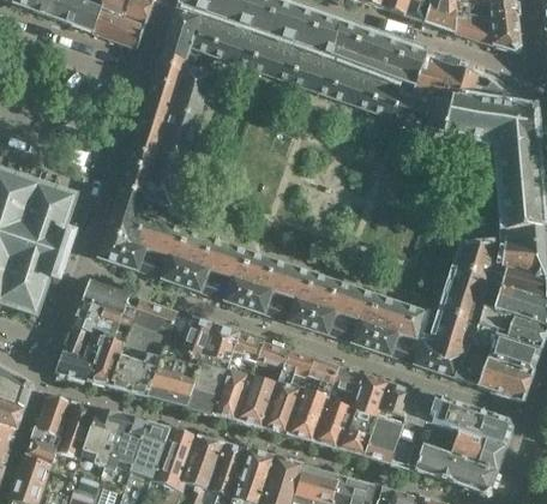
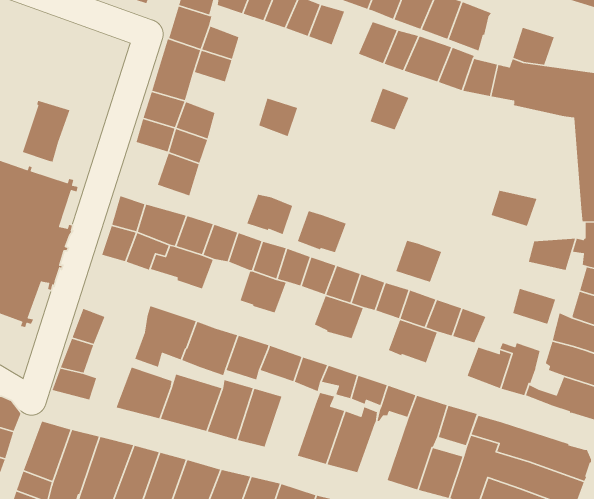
building: [291,50,325,86] -> [369,88,409,130]
building: [410,55,451,97] -> none
building: [168,102,202,136] -> [258,97,298,137]
building: [113,161,154,214] -> [22,100,70,163]
building: [182,259,222,294] -> [246,194,293,235]
building: [449,262,488,293] -> [490,190,538,227]
building: [244,278,285,314] -> [297,210,347,253]
building: [82,280,136,318] -> none
building: [308,300,348,336] -> [395,240,442,283]
building: [434,305,473,336] -> none
building: [371,320,414,358] -> none
building: [88,335,124,384] -> none
building: [235,373,277,425] -> none
building: [313,388,355,445] -> none

